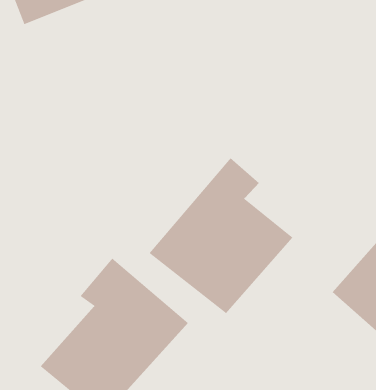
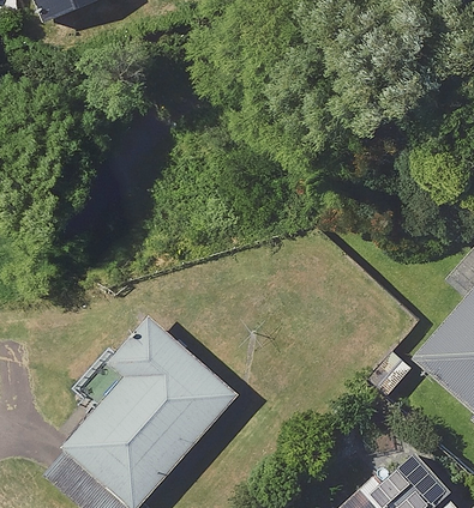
building: [148,157,293,314] -> none

